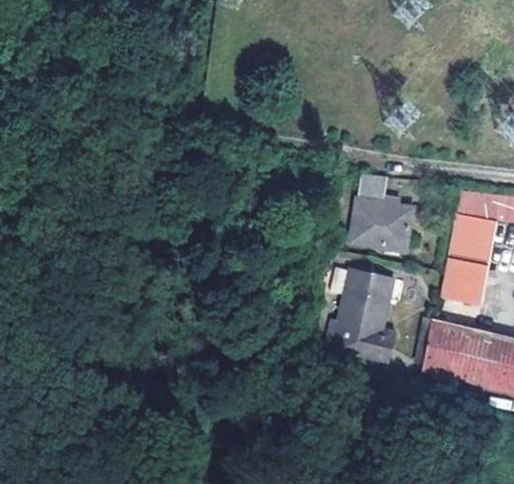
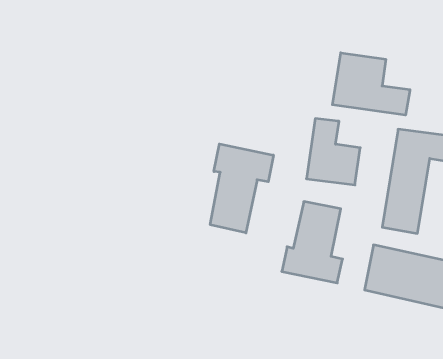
building: none -> [332,53,410,115]
building: none -> [210,144,273,233]

